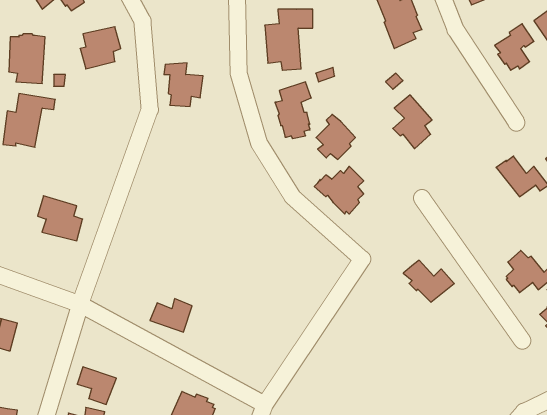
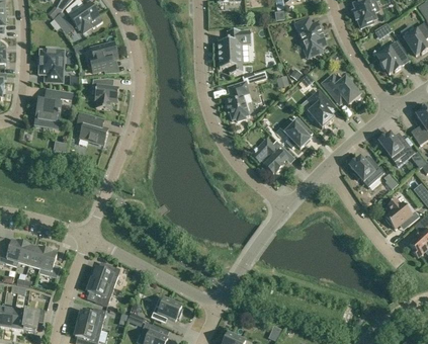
building: [164,63,203,106] -> [91,78,118,108]
building: none -> [321,74,360,104]
building: [316,114,355,159] -> [284,116,312,148]
building: [38,196,83,241] -> [76,112,107,144]
building: [403,260,454,302] -> [348,157,383,186]
building: [150,299,192,332] -> [90,264,119,287]
building: none -> [37,249,60,278]

